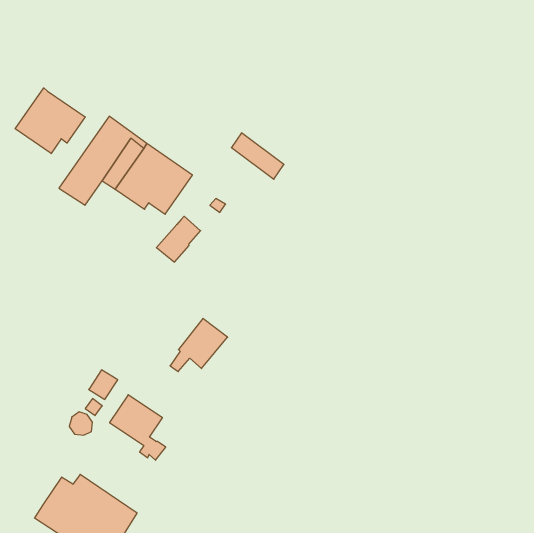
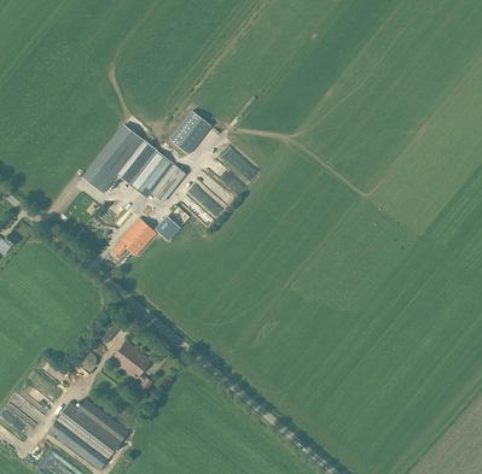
building: [15,88,85,154] -> none
building: none -> [173,115,209,154]
building: [170,318,228,372] -> [112,217,158,257]

